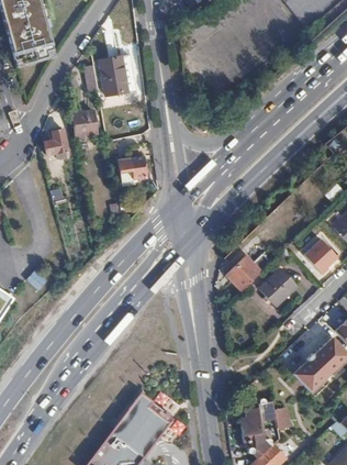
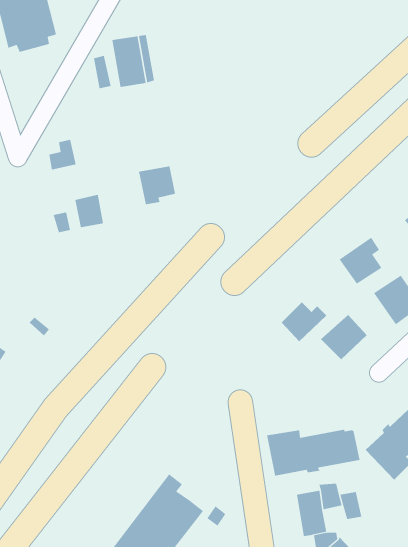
building: [76,108,99,134] -> [75,194,104,228]
building: none -> [339,237,382,285]
building: none -> [267,429,360,477]

